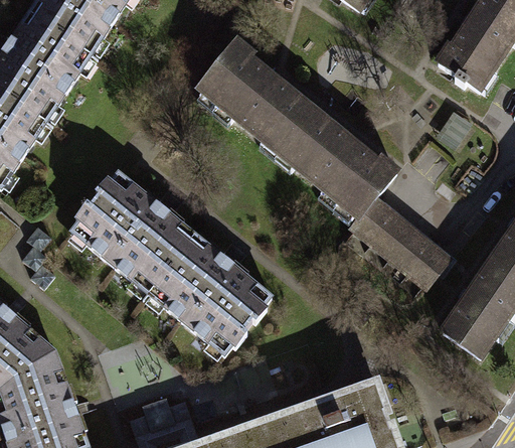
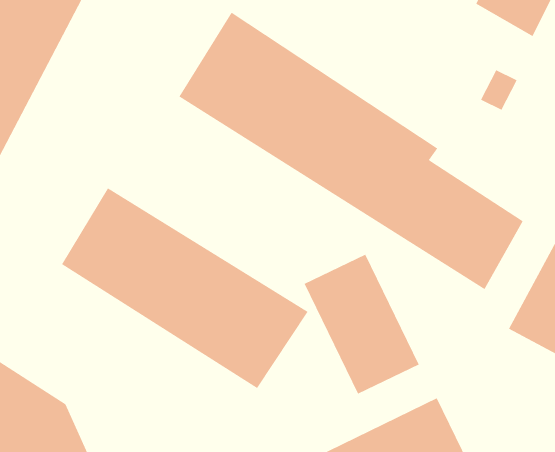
building: none -> [304,254,420,395]

